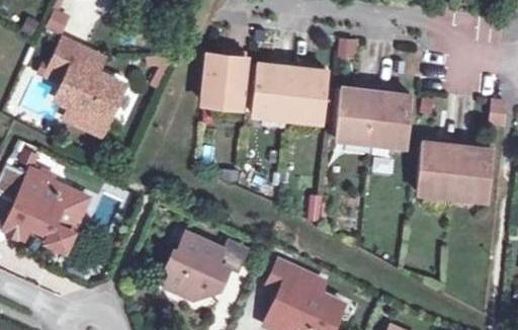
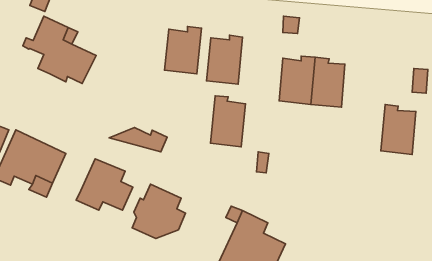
building: [288,65,329,123] -> [211,96,246,147]
building: [41,107,108,136] -> [109,127,167,152]
building: [416,141,458,196] -> none
building: none -> [76,159,133,210]

